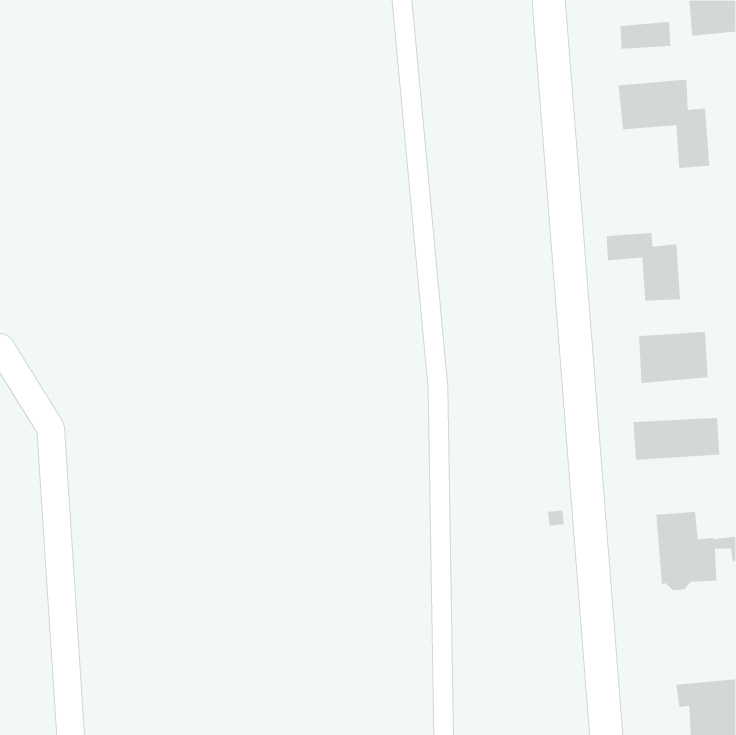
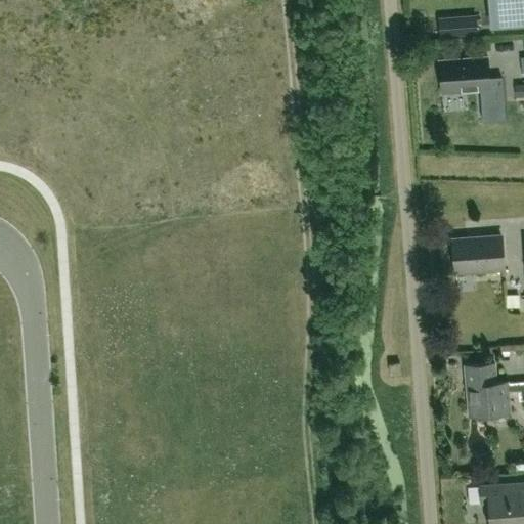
building: [606,232,680,302] -> none
building: [633,417,720,461] -> none

